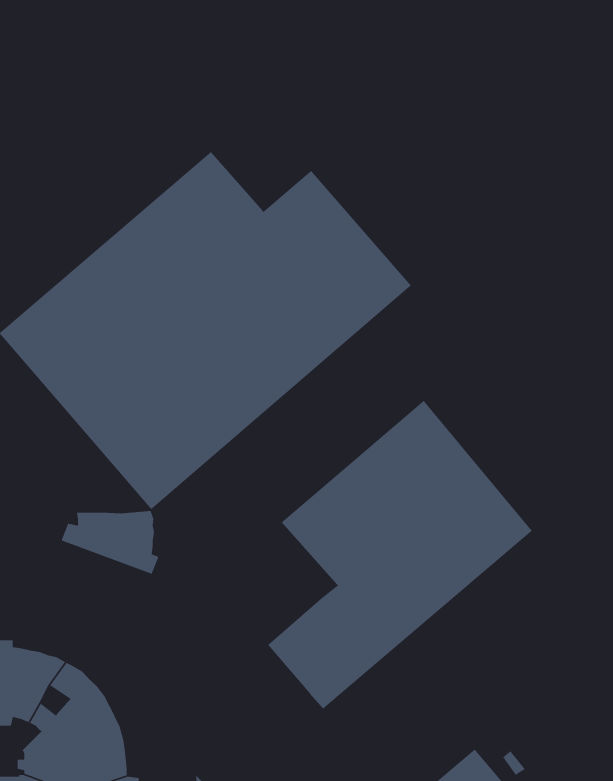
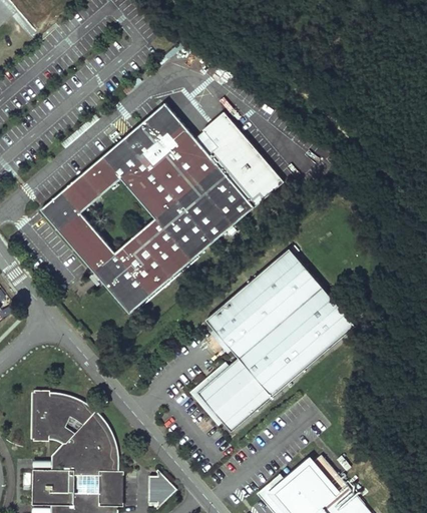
building: [60,510,160,575] -> none
building: none -> [189,362,229,426]

